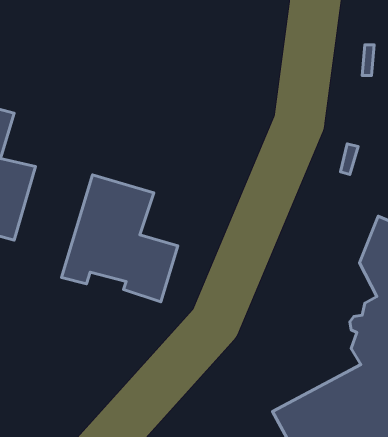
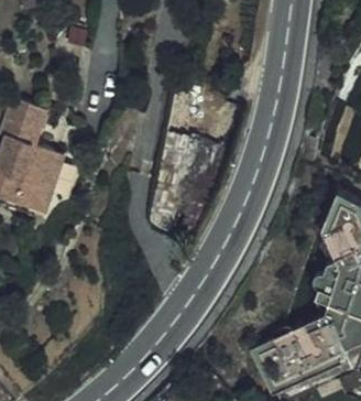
building: [62,175,178,302] -> none

